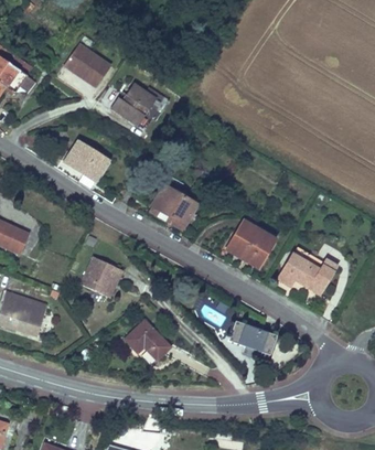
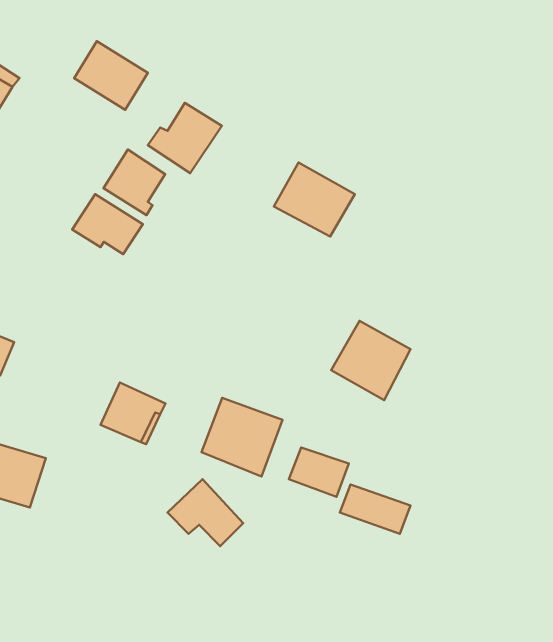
building: none -> [103,150,165,215]
building: [148,184,199,231] -> [274,163,355,236]
building: [278,253,339,294] -> none
building: none -> [201,398,282,477]

